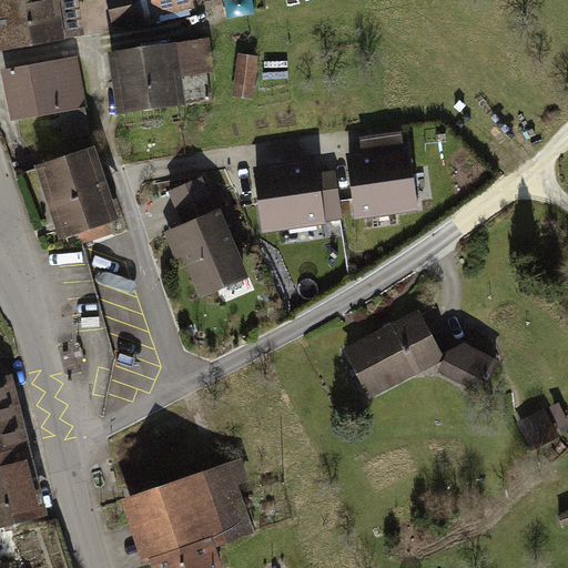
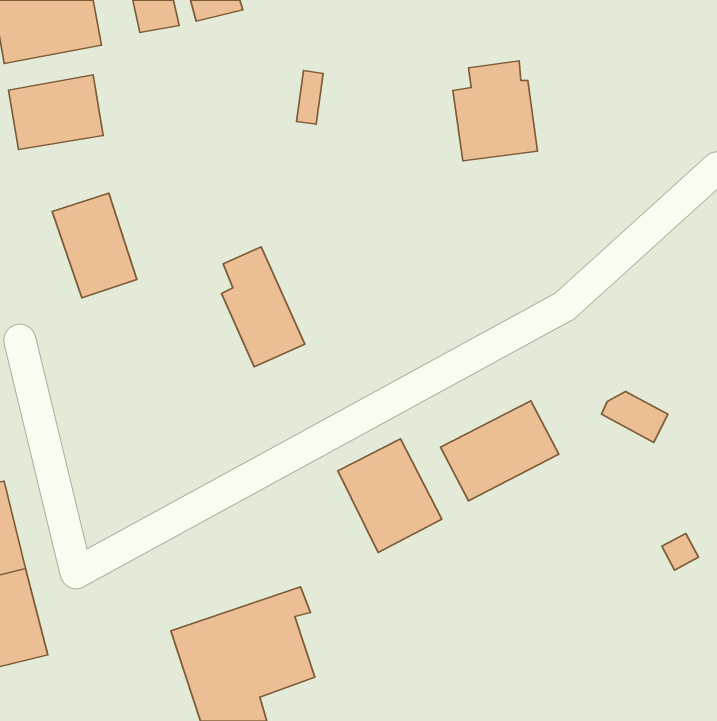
building: [113,40,209,112] -> none
building: [347,135,414,214] -> [453,61,538,161]
building: [254,164,338,227] -> none
building: none -> [338,439,442,552]
building: [443,345,495,385] -> [602,392,668,442]

